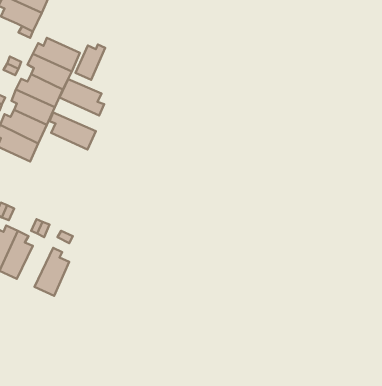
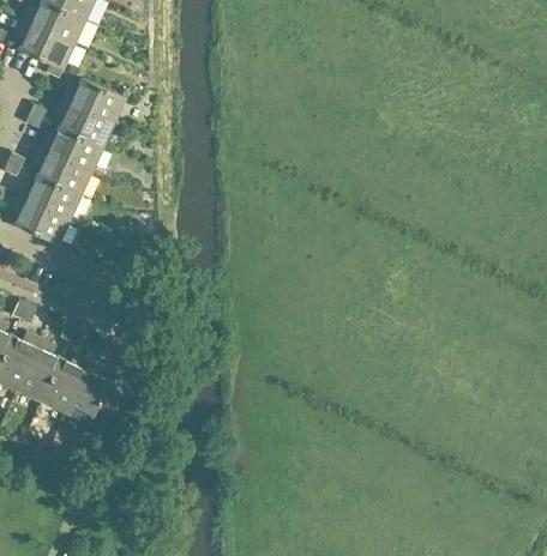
building: [75,45,105,80] -> none
building: [59,79,104,116] -> none
building: [49,112,96,150] -> none
building: none -> [41,353,90,413]

